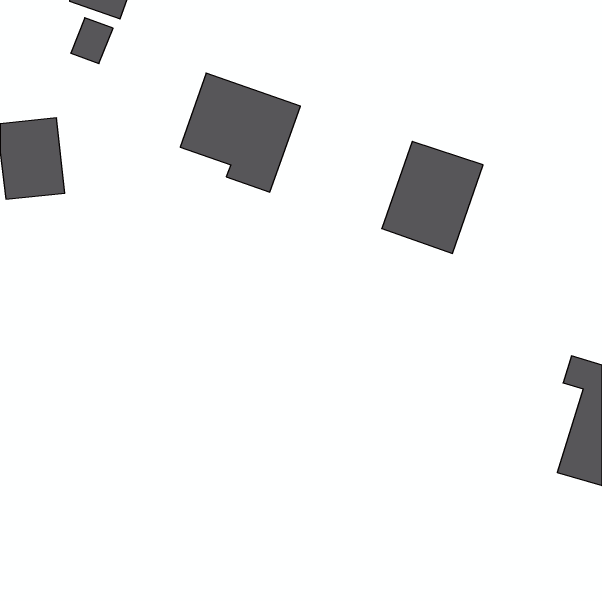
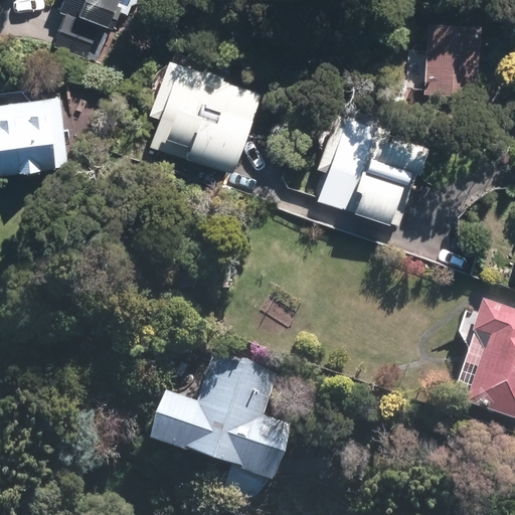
building: none -> [426,26,476,99]
building: none -> [159,360,285,475]

